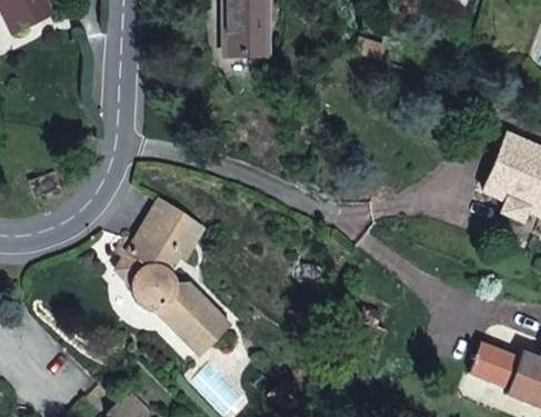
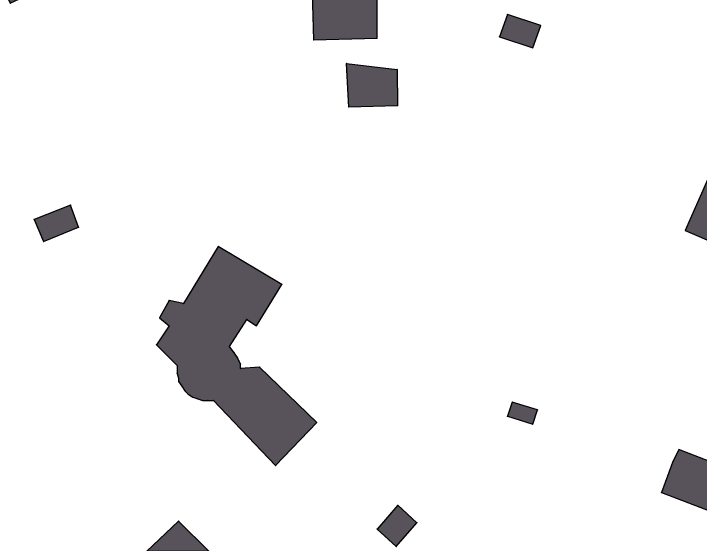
building: none -> [347,63,398,107]

